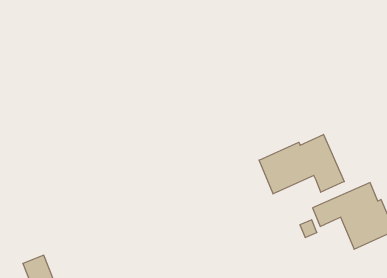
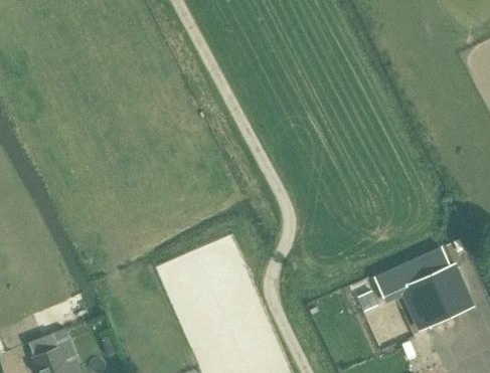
building: [259,134,344,194] -> none

